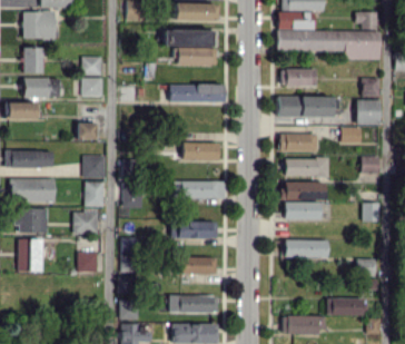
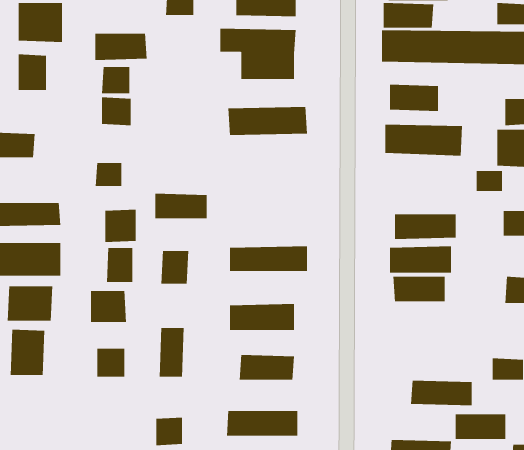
building: [24,78,61,97] -> [95,33,147,60]
building: [279,134,318,151] -> none
building: [182,141,219,159] -> [155,193,207,219]
building: [285,239,328,257] -> [410,380,473,406]

